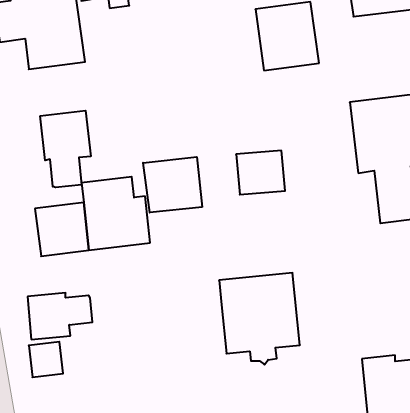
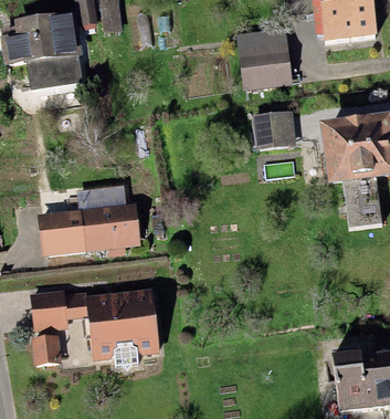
building: [40,111,91,187] -> none
building: [236,151,285,195] -> [252,111,296,150]
building: [143,157,202,213] -> none
building: [219,273,300,365] -> [86,289,159,371]

